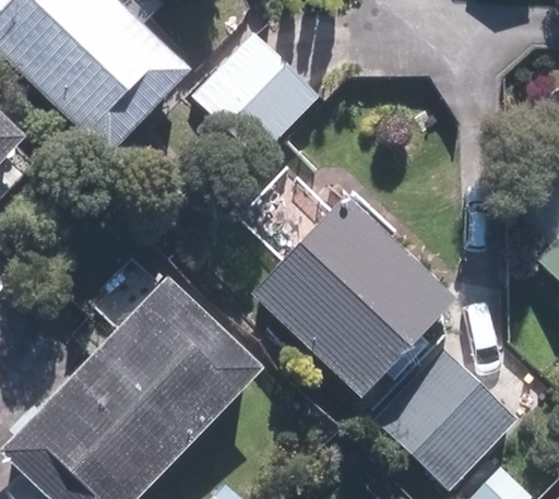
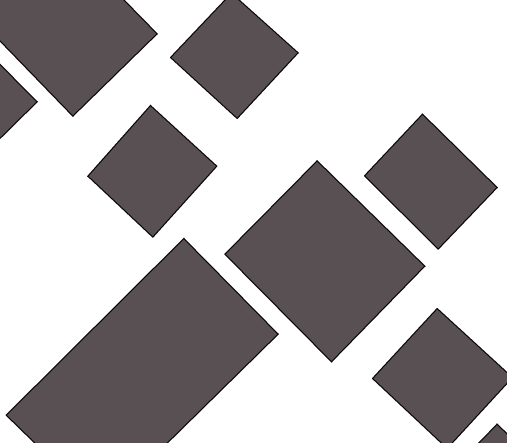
building: none -> [88,105,217,237]
building: none -> [365,114,497,249]

